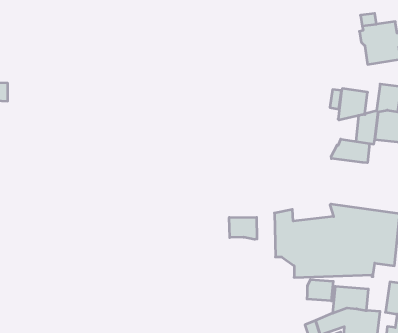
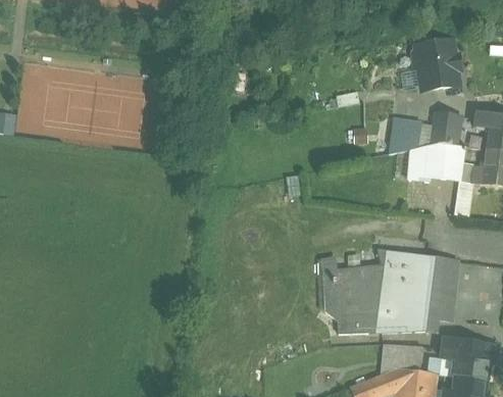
building: [331,139,370,163] -> none
building: [229,217,257,239] -> none
building: [307,280,333,301] -> none

